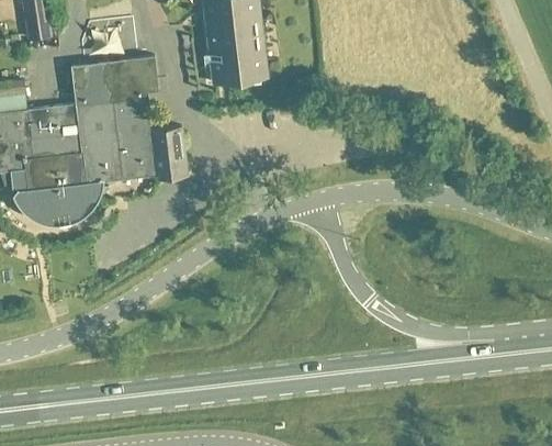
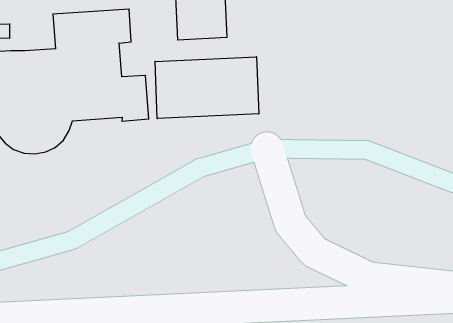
building: none -> [155,57,259,119]

